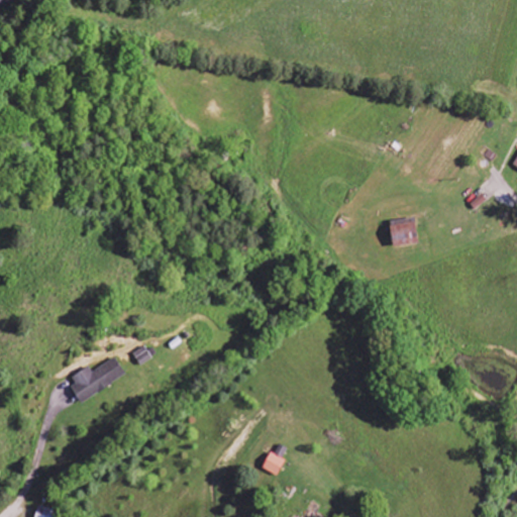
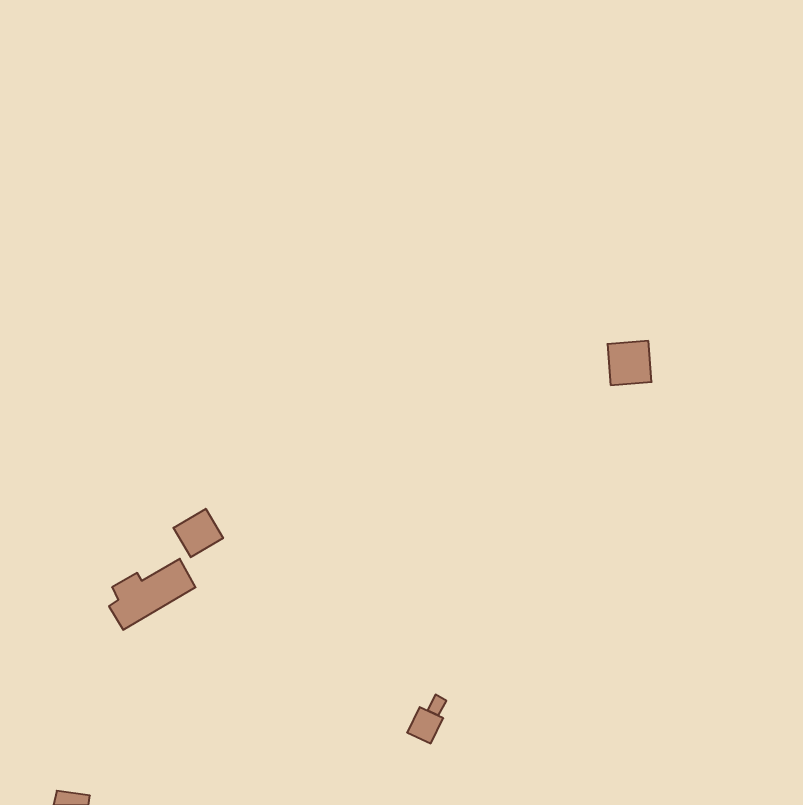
building: none -> [173,509,223,557]

